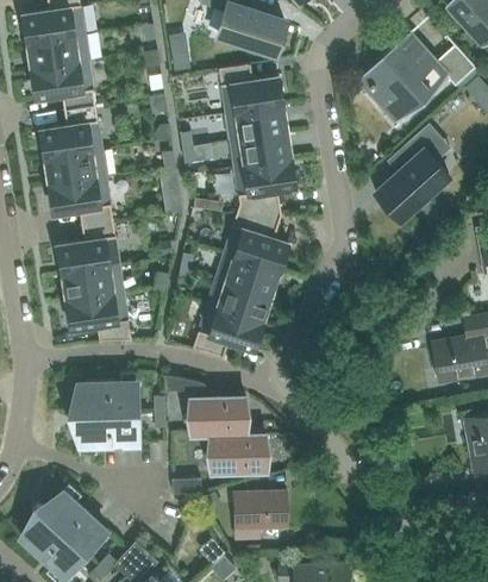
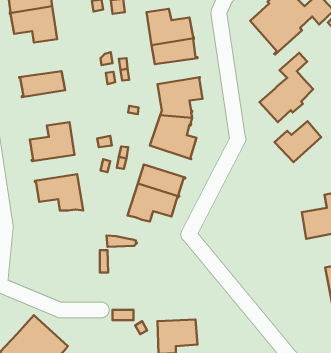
building: [40,107,101,159] -> none
building: [230,133,292,169] -> none
building: [46,177,112,226] -> none
building: none -> [275,121,321,162]
building: [214,254,280,298] -> none
building: [61,267,123,302] -> none
building: [75,378,140,450] -> none
building: [187,394,268,475] -> none

